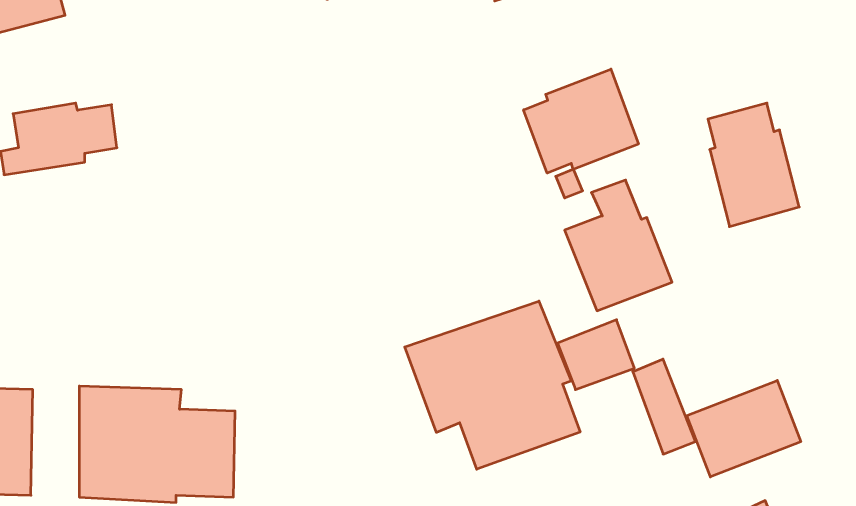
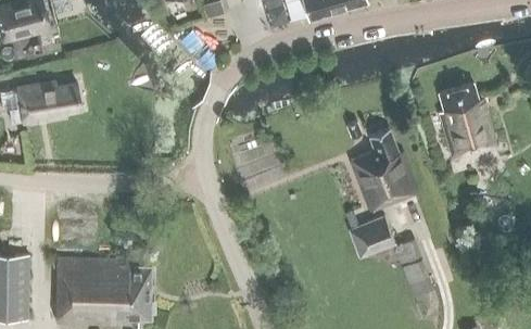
building: [524,69,638,173] -> none
building: [405,301,580,469] -> none
building: [687,380,801,477] -> none

